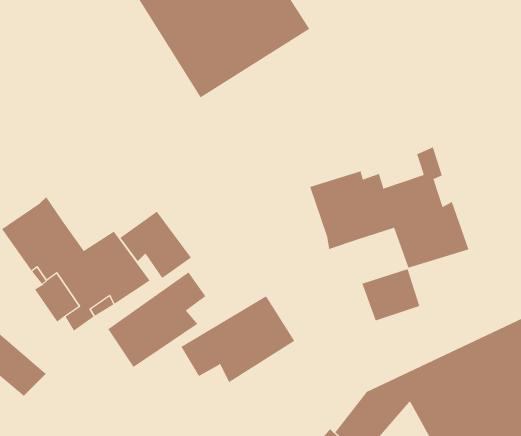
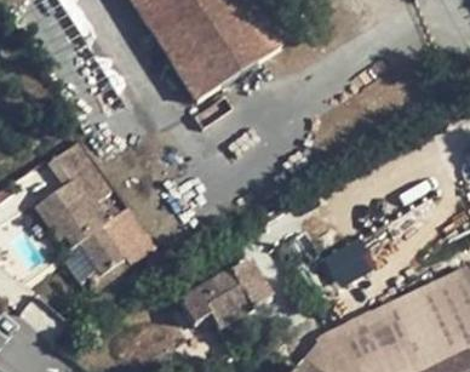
building: [309,147,469,268] -> none
building: [120,211,192,279] -> [51,142,109,196]
building: [108,272,206,368] -> none

